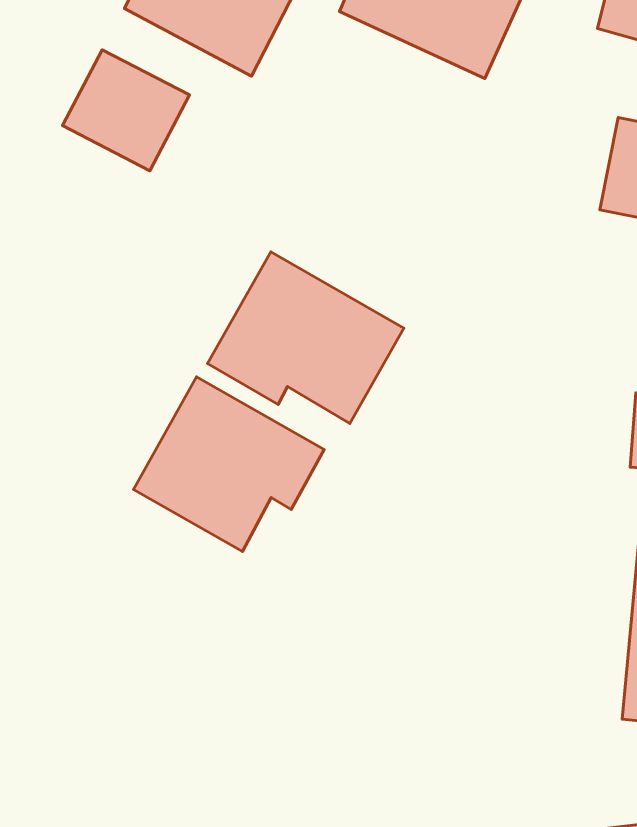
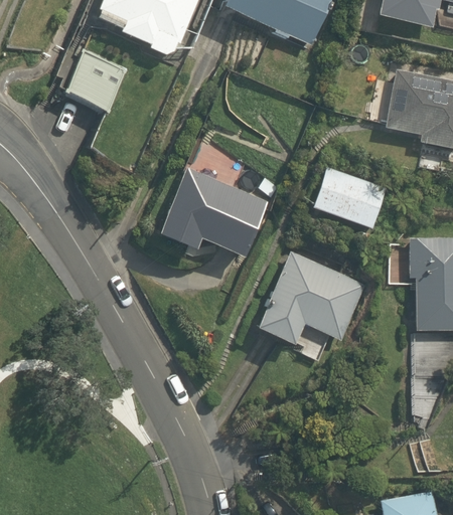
building: none -> [314,162,391,227]
building: [133,377,324,551] -> none
building: none -> [254,241,369,346]

